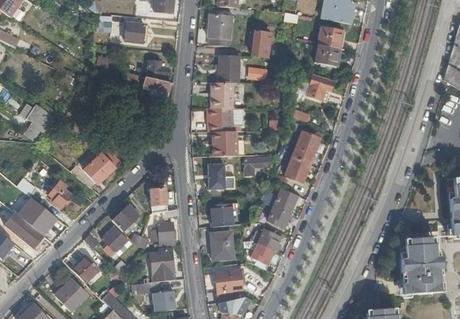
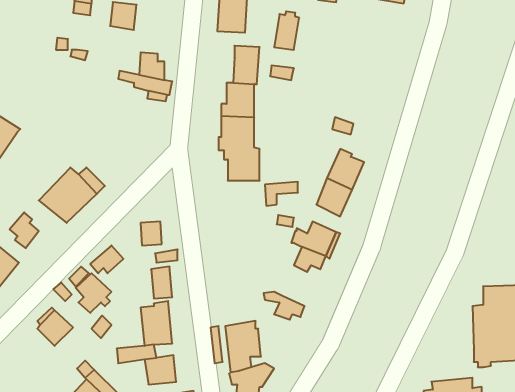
building: [314,28,342,66] -> none
building: [305,76,332,101] -> none
building: [209,164,236,190] -> none
building: [208,204,231,227] -> none
building: [256,225,282,252] -> none
building: [209,230,232,259] -> none
building: [55,278,86,310] -> none

